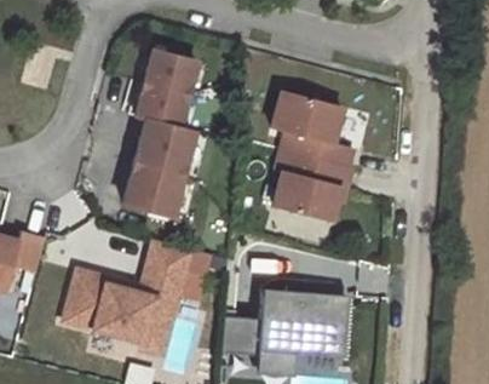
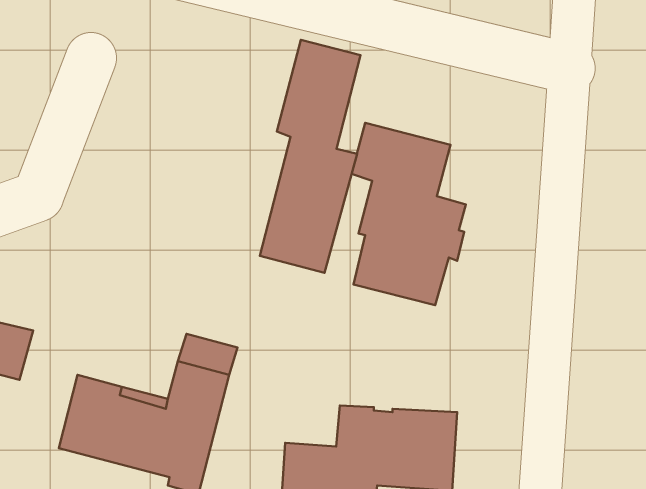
building: [125,51,196,217] -> [260,40,360,273]

